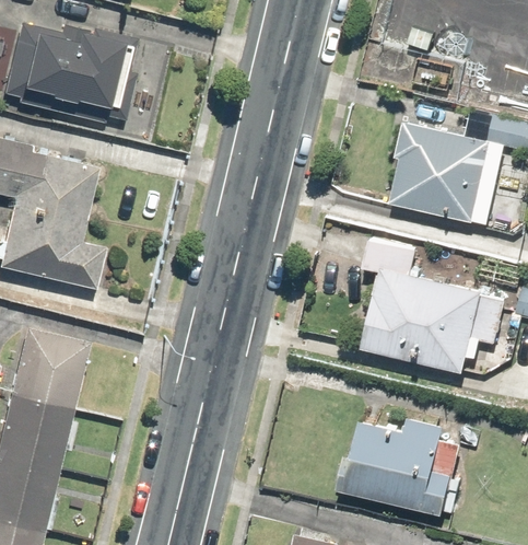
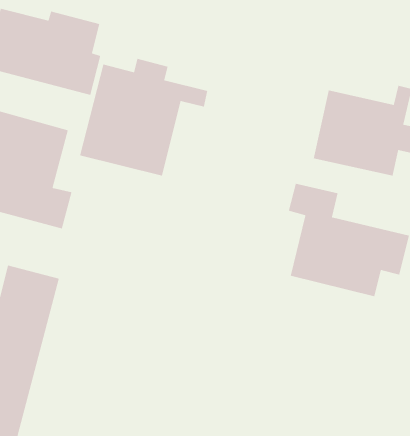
building: none -> [79,58,208,177]
building: [342,416,460,515] -> none

